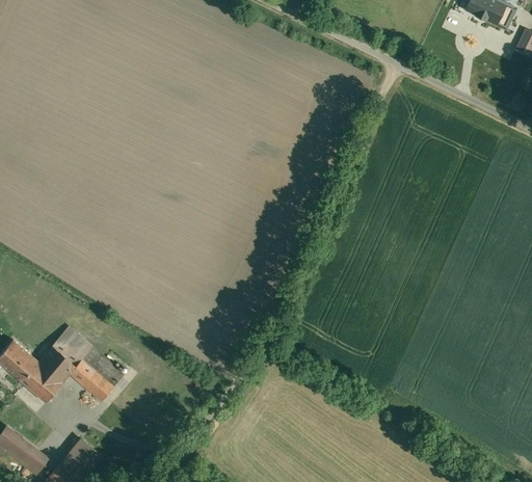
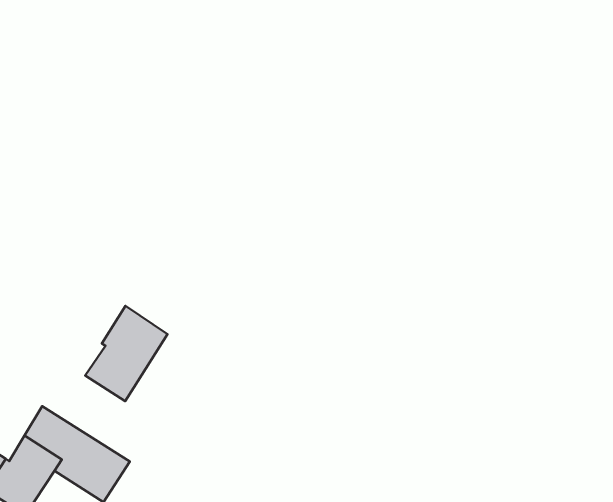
building: none -> [85,306,168,401]

